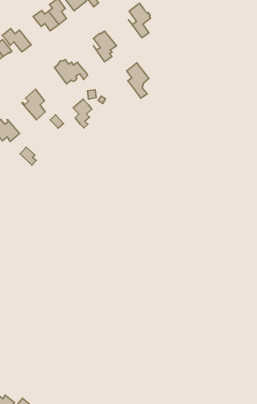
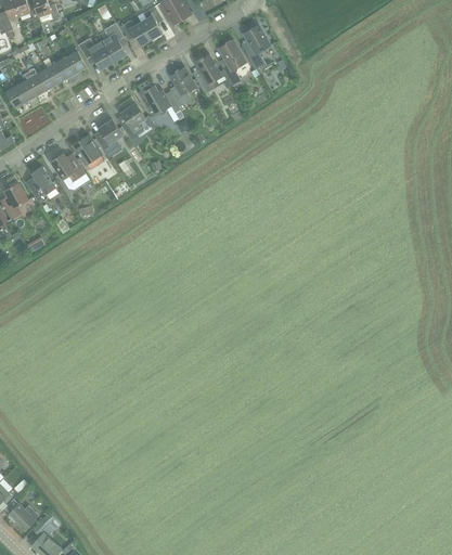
building: none -> [100,23,126,62]
building: none -> [169,68,194,106]
building: [127,63,149,98] -> [218,40,245,86]
building: [73,99,92,128] -> [120,104,144,141]
building: none -> [72,135,101,165]

